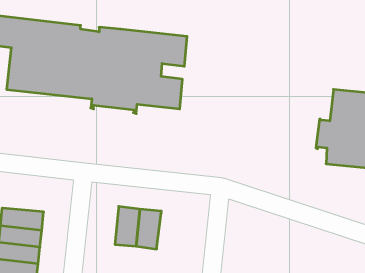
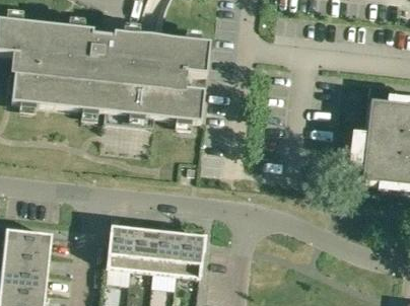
building: none -> [105,226,133,270]
building: none -> [175,233,203,277]

